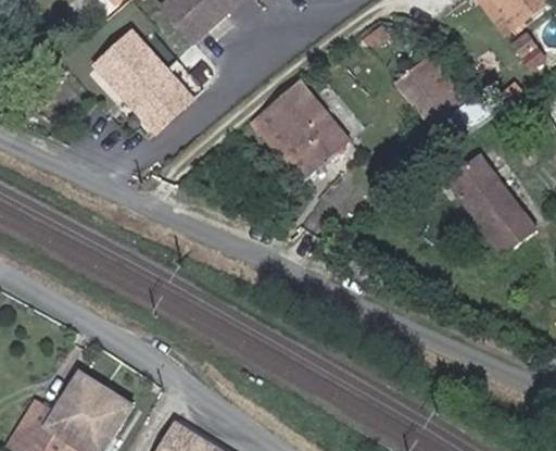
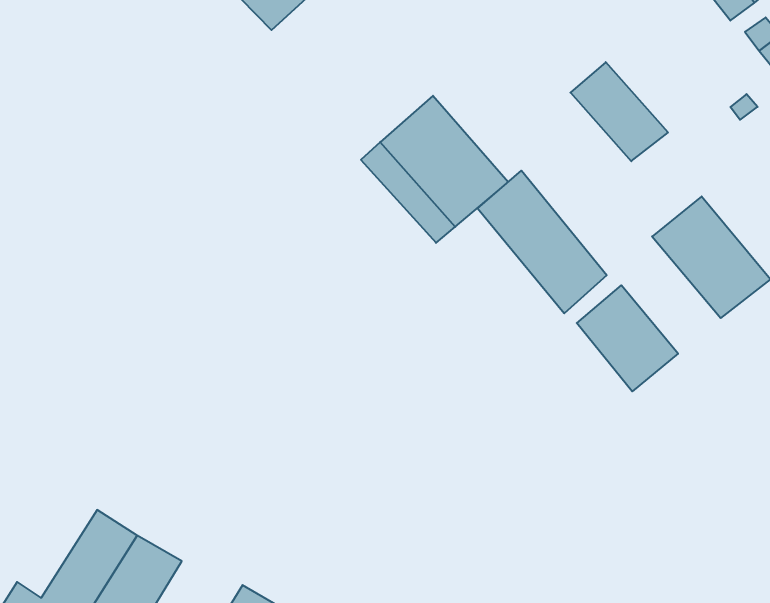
building: [92,33,191,128] -> none
building: none -> [477,171,607,313]
building: none -> [577,285,678,391]

